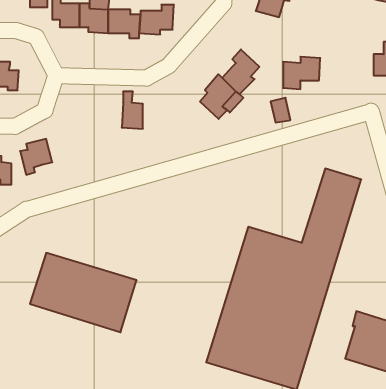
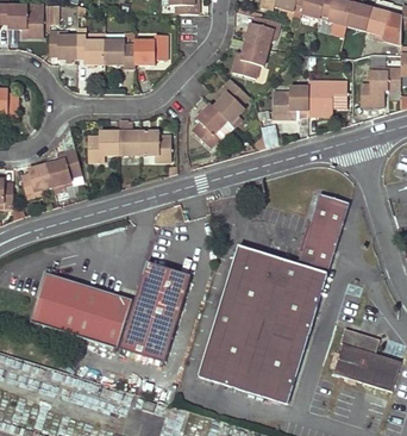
building: none -> [233,41,269,77]
building: none -> [307,79,346,114]
building: none -> [86,129,119,158]
building: none -> [138,130,170,160]
building: none -> [45,149,81,186]
building: none -> [120,262,190,362]

